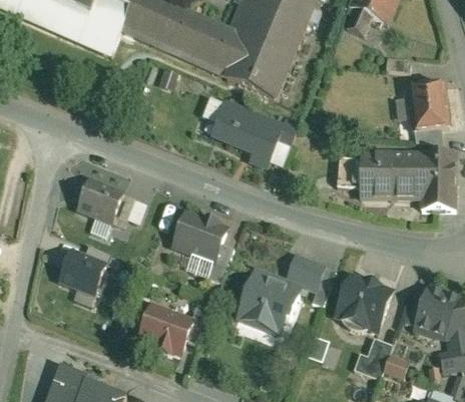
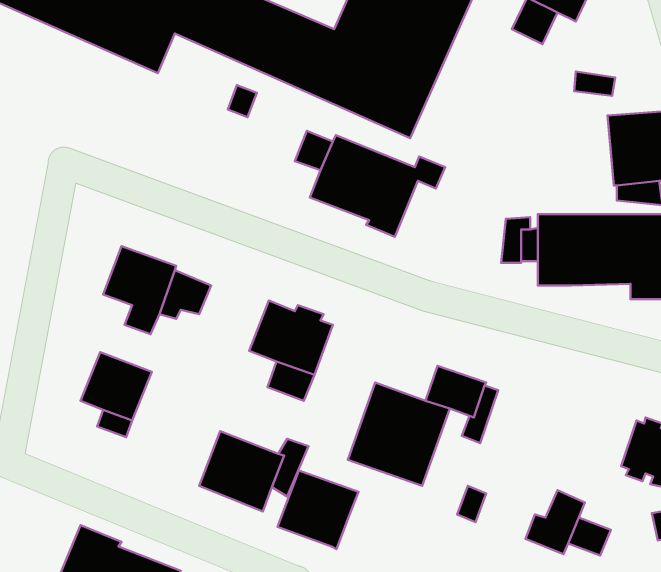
building: [335,273,398,332] -> none
building: none -> [278,471,359,549]

